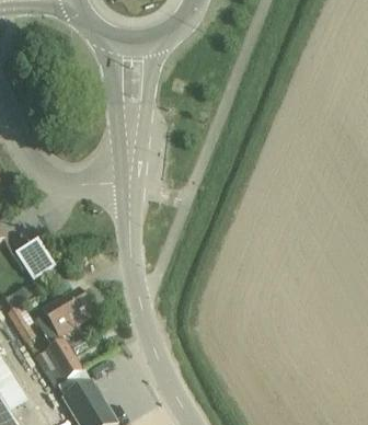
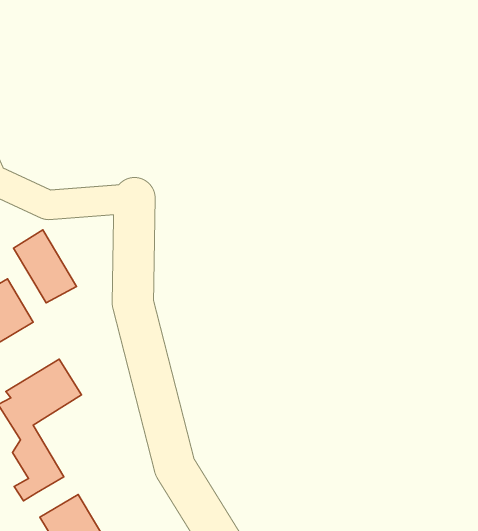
building: none -> [13,230,76,303]

